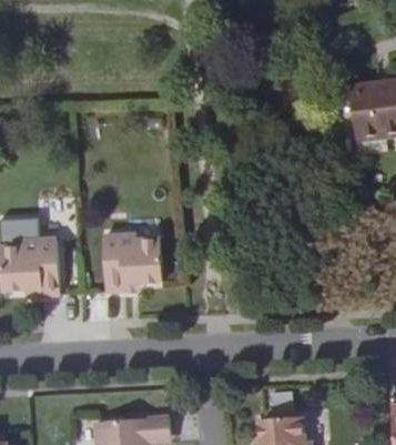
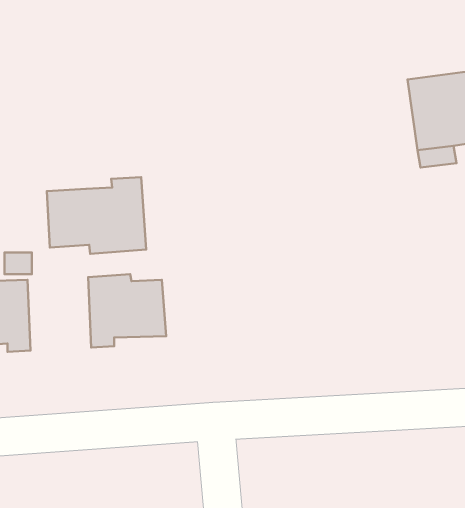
building: none -> [47,177,146,254]

